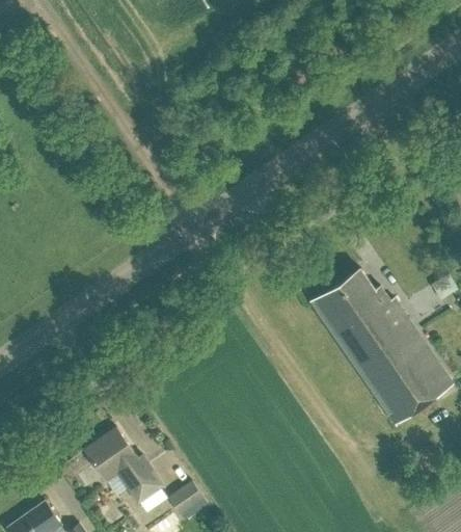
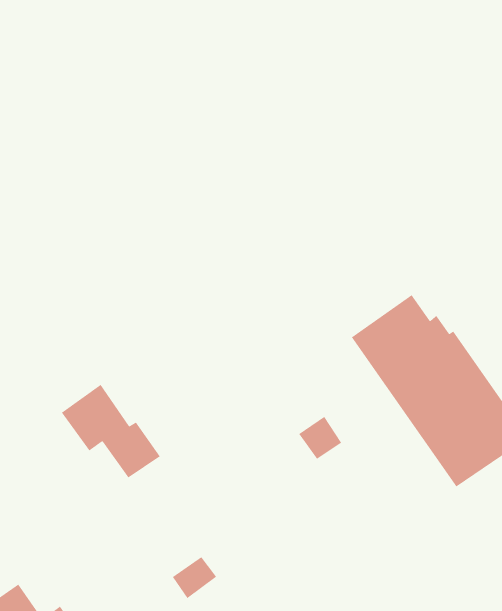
building: none -> [298,416,342,460]
building: [84,427,164,503] -> [61,384,161,479]

